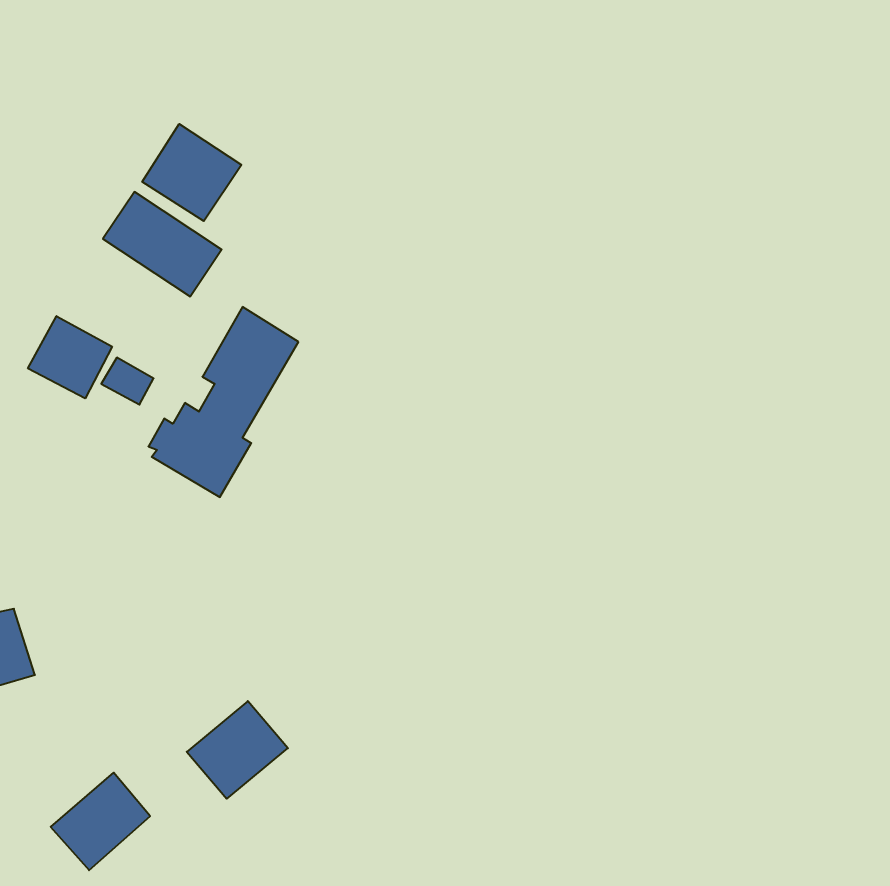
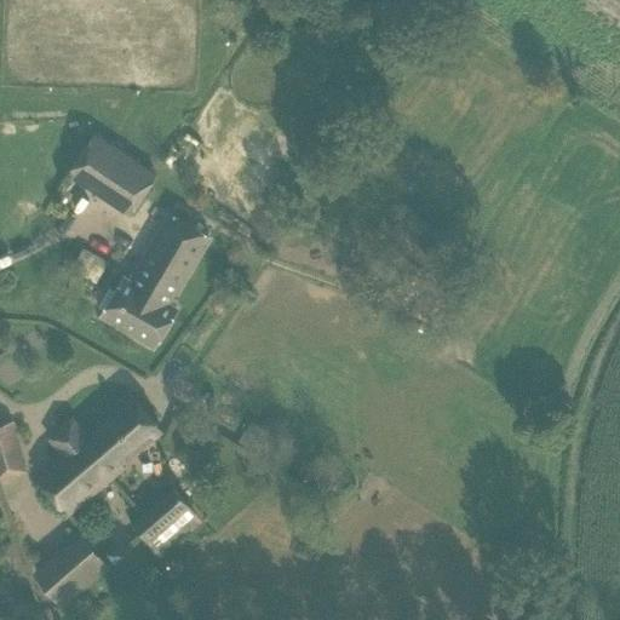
building: [142,124,241,221] -> none
building: [28,316,112,398] -> none
building: none -> [36,400,159,518]

